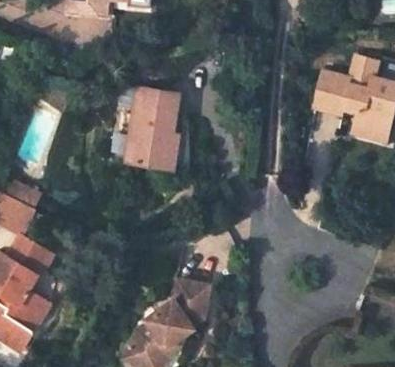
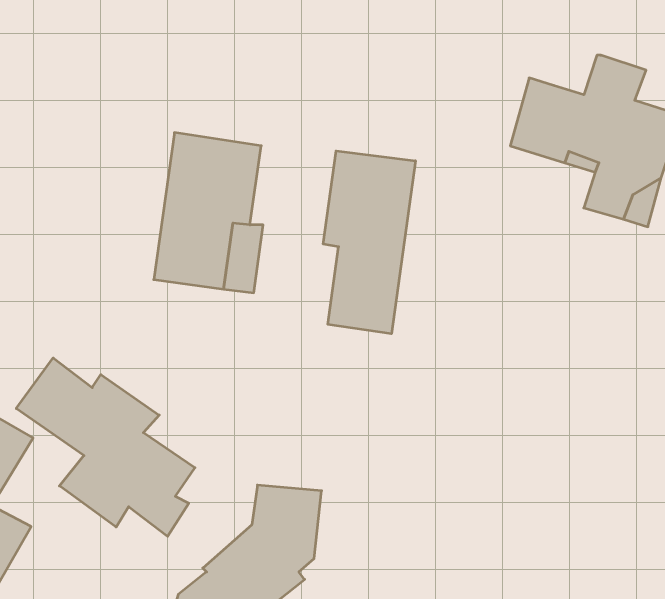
building: none -> [323,151,415,334]
building: none -> [16,358,195,536]

